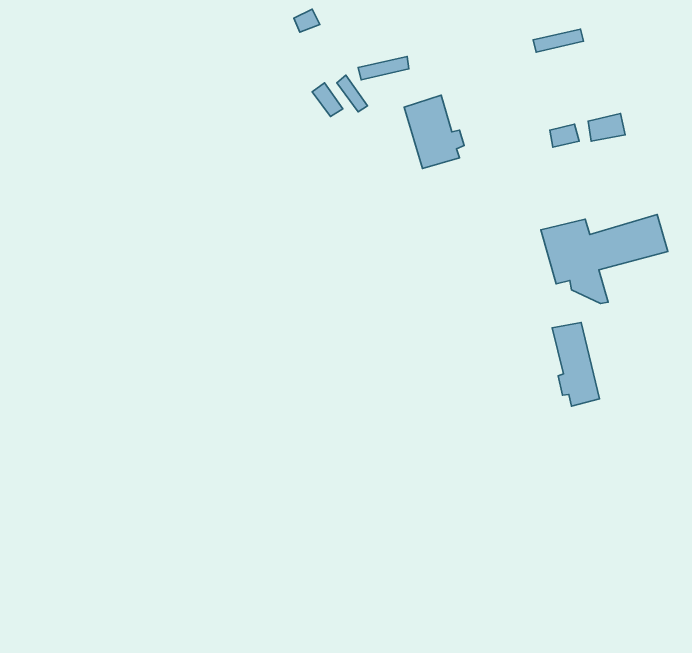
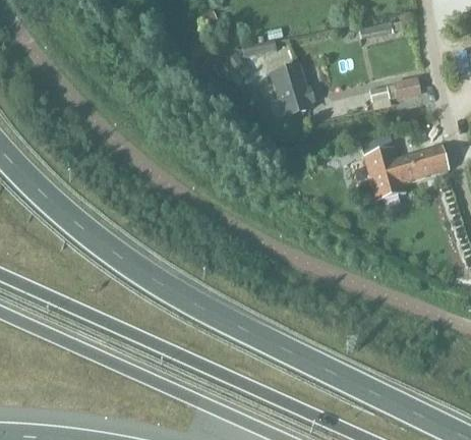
building: [552,322,600,406] -> none

